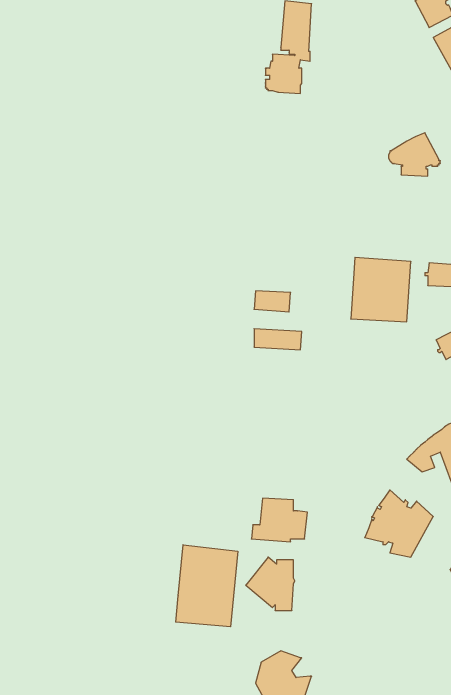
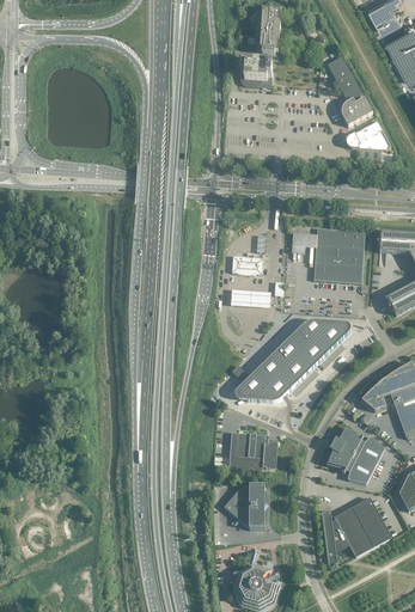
building: none -> [326,56,372,126]
building: none -> [236,319,349,402]
building: [176,545,238,627] -> none
building: none -> [321,498,391,567]

